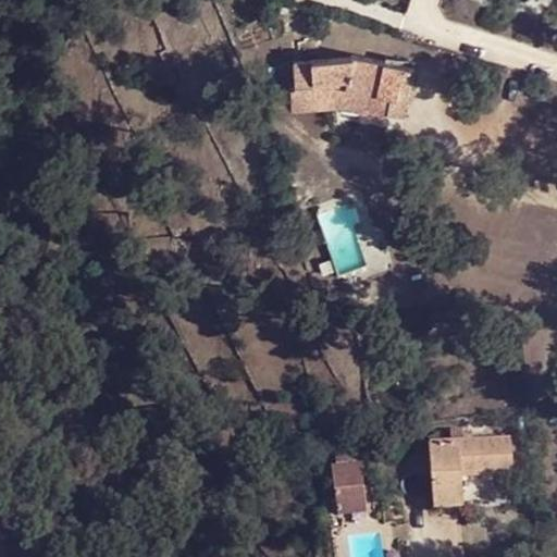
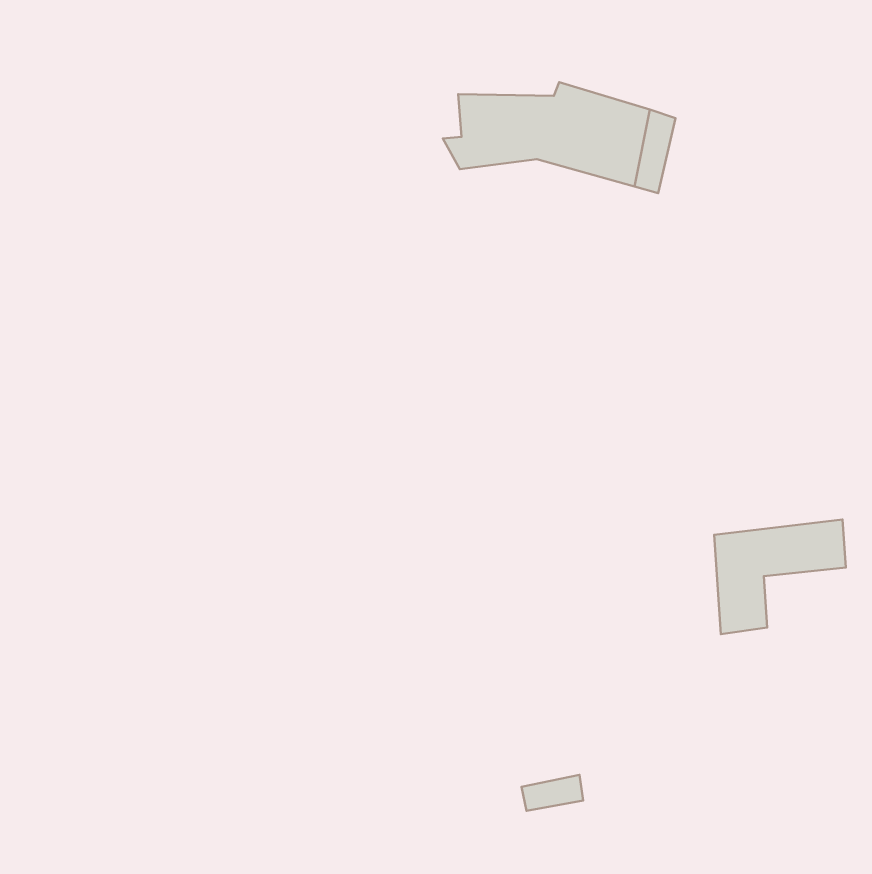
building: [429,440,512,512] -> [714,520,846,634]
building: [329,457,370,500] -> none

